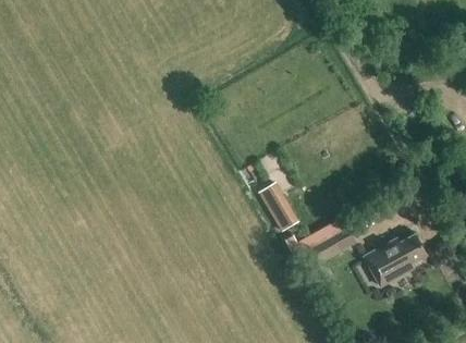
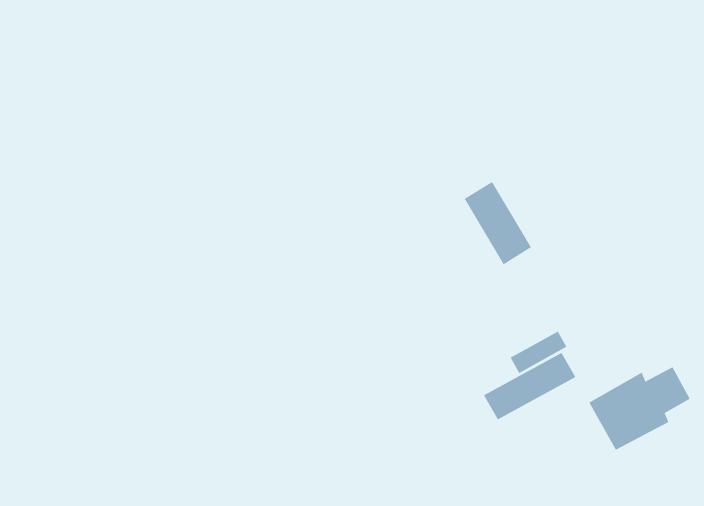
building: [258,182,299,233] -> [464,181,532,265]

